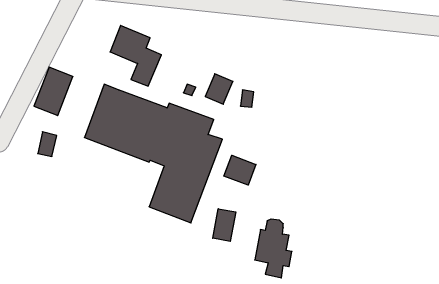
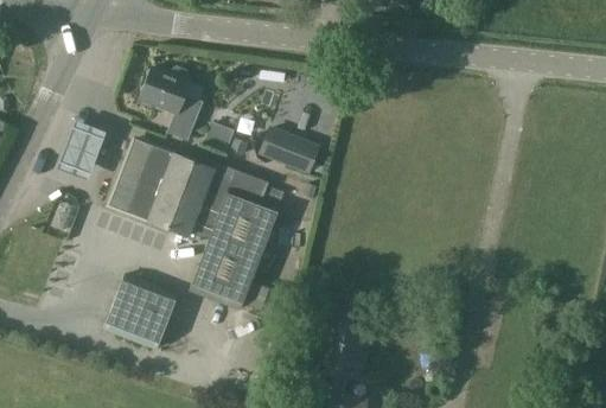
building: [224,155,256,185] -> none
building: none -> [104,272,179,350]
building: [213,209,236,241] -> none

